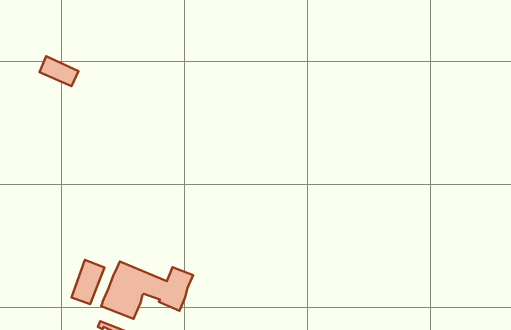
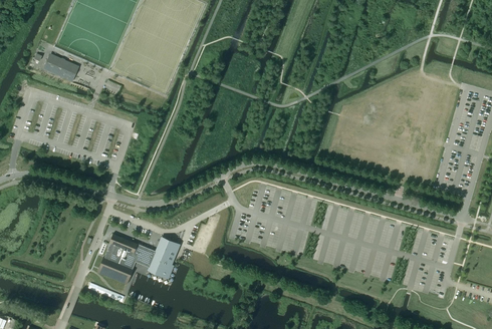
building: [71,260,105,304] -> none

